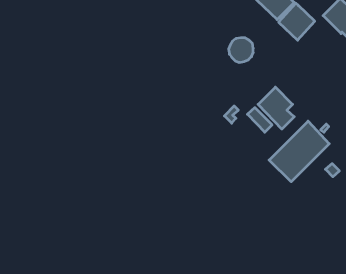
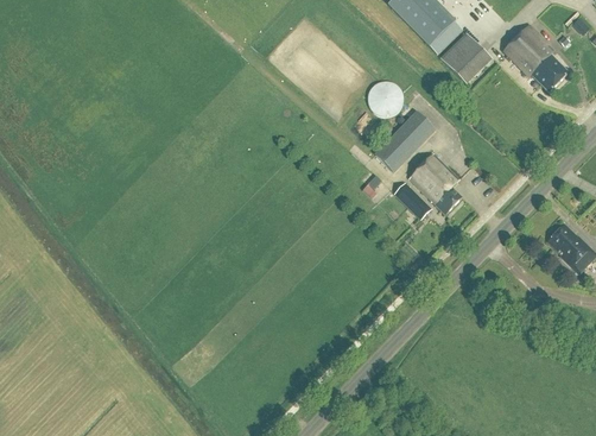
building: none -> [374,108,436,170]
building: [269,121,329,182] -> none

